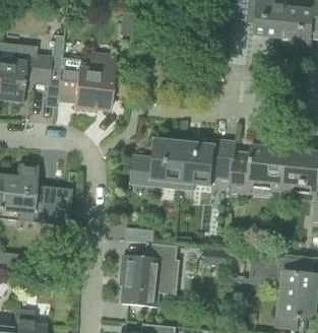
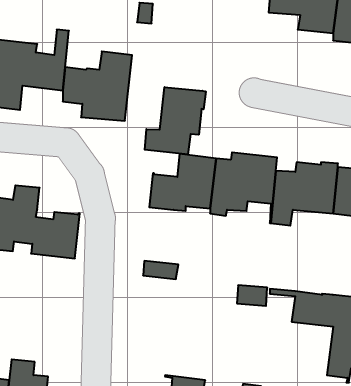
building: none -> [145,87,206,155]
building: [121,254,180,307] -> none

